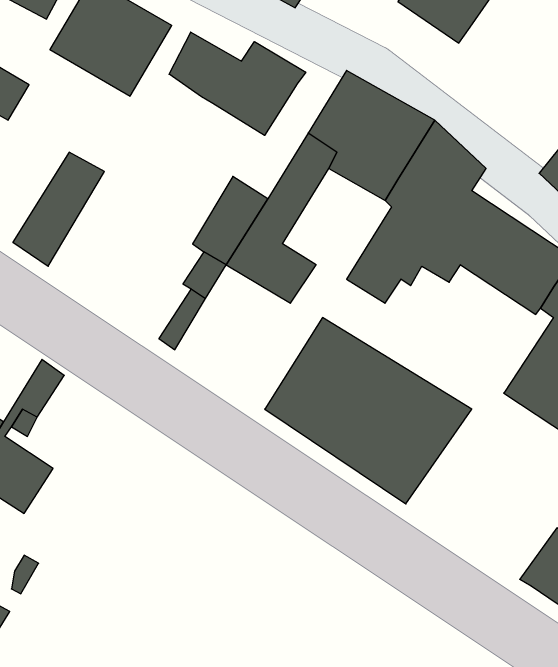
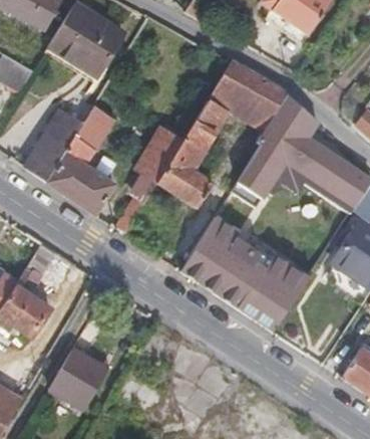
building: [169,32,306,135] -> none
building: none -> [46,107,114,215]
building: none -> [49,349,107,409]

